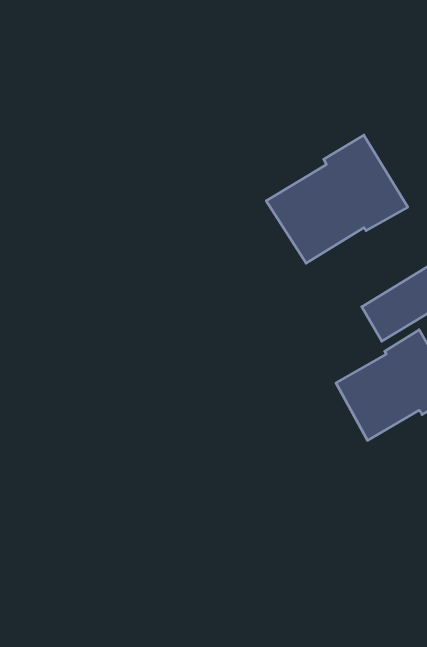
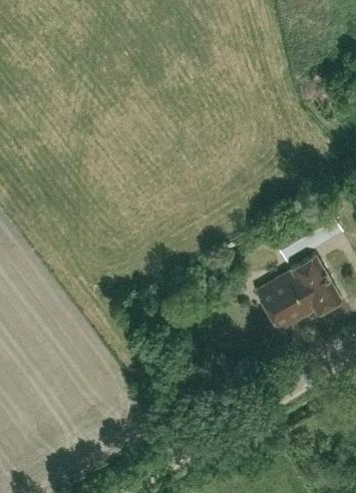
building: [266,135,408,263] -> none

